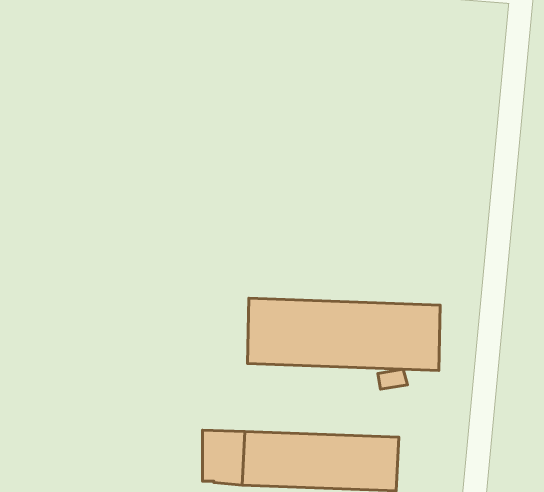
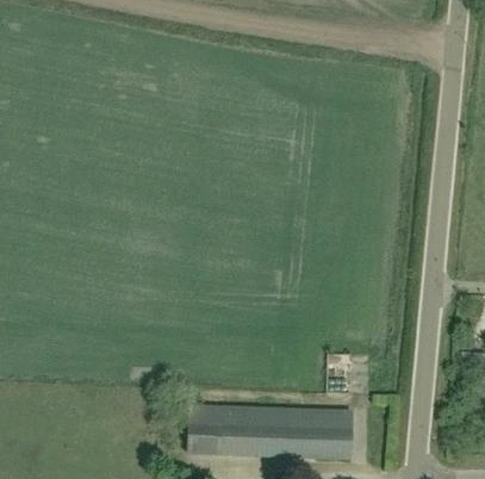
building: [248,298,440,371] -> none

